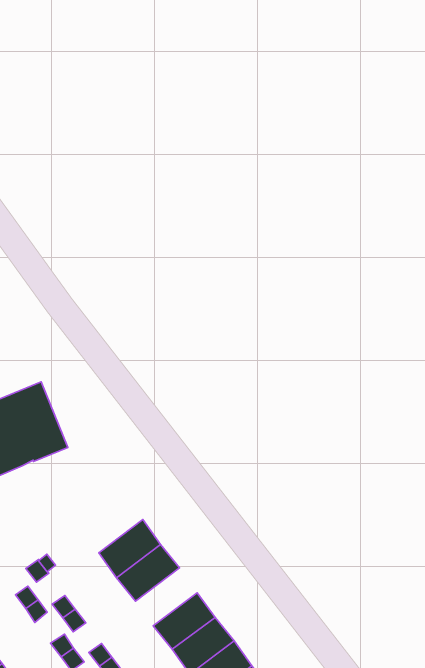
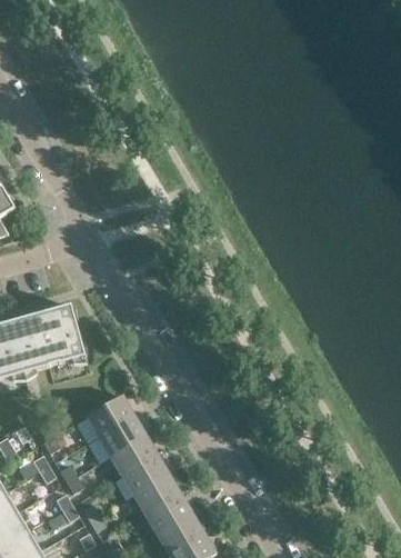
building: none -> [86,395,133,436]
building: none -> [121,454,168,495]

